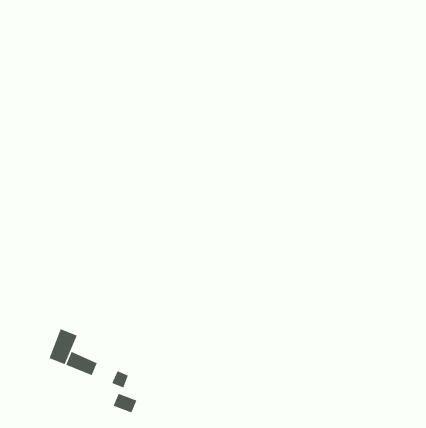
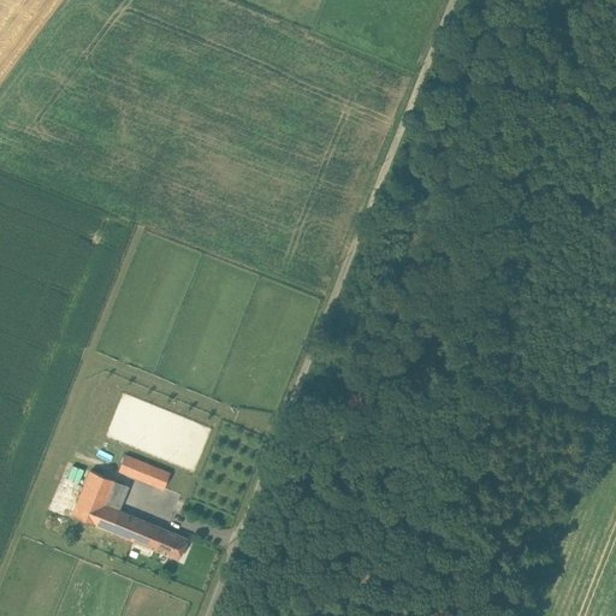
building: none -> [119,456,171,491]
building: [112,393,138,414] -> [135,521,171,551]

